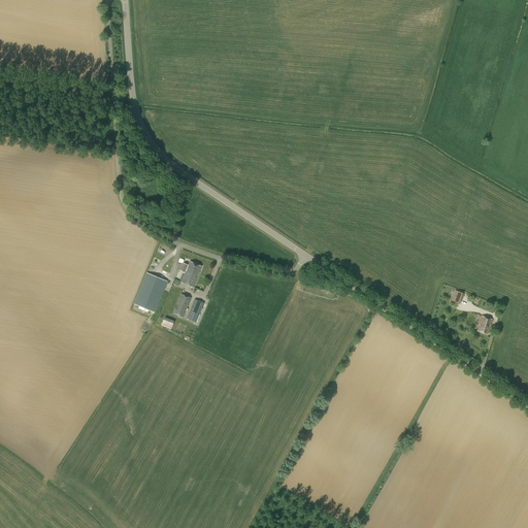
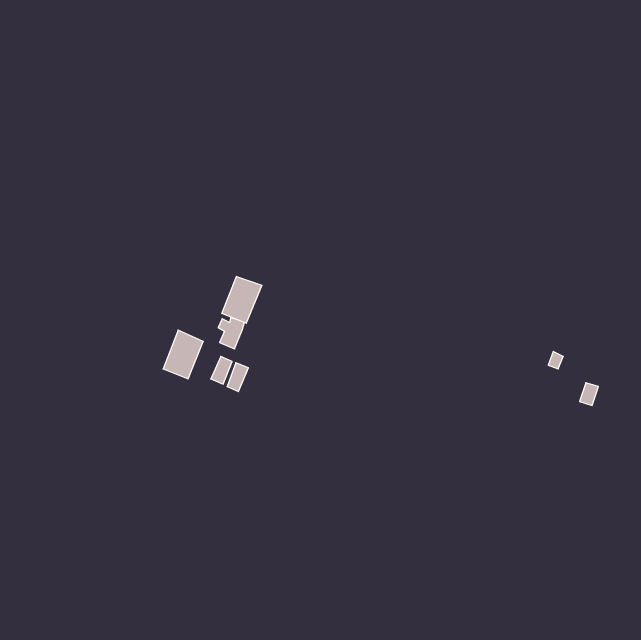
building: none -> [222,276,262,323]

